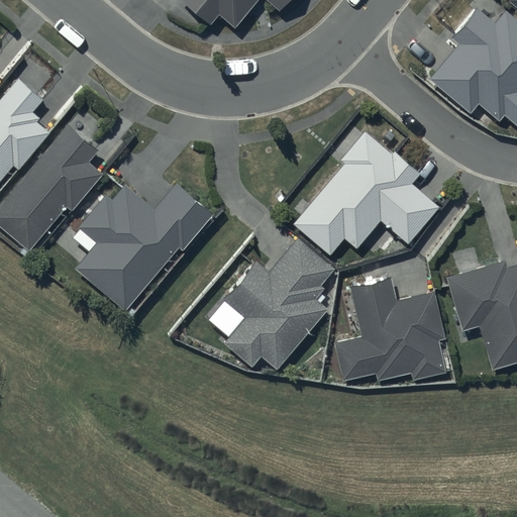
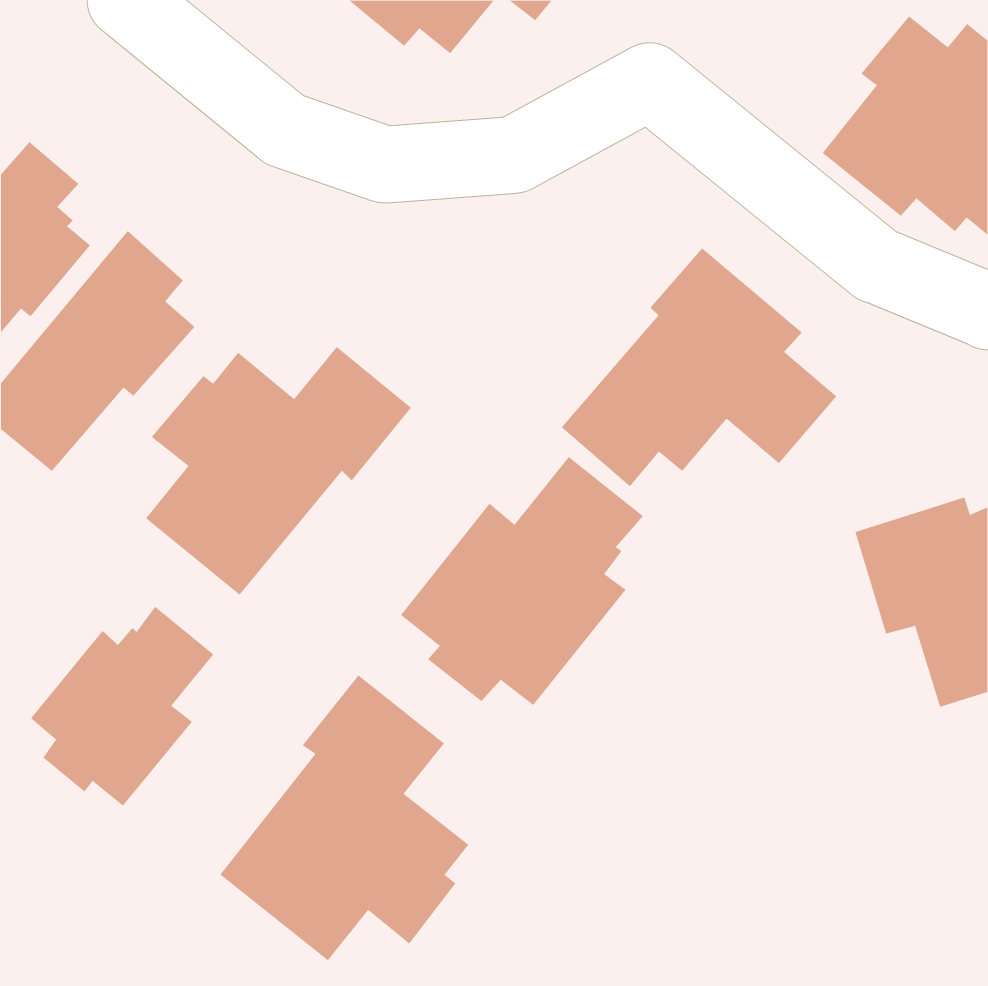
building: [336,279,447,382] -> none
building: none -> [30,606,214,806]
building: none -> [220,675,469,961]

